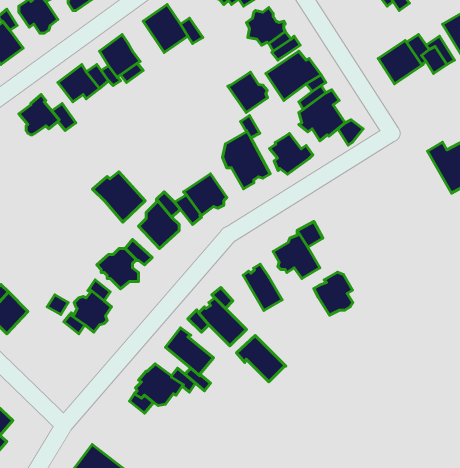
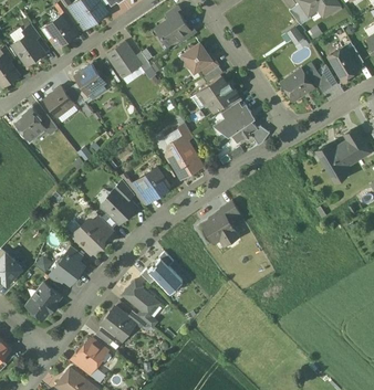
building: [228,72,268,112] -> none
building: [269,134,313,174] -> none
building: [93,172,145,222] -> none
building: [243,264,282,311] -> none
building: [314,272,353,315] -> none
building: none -> [27,283,61,318]
building: [237,336,286,382] -> none
building: none -> [73,339,106,373]

